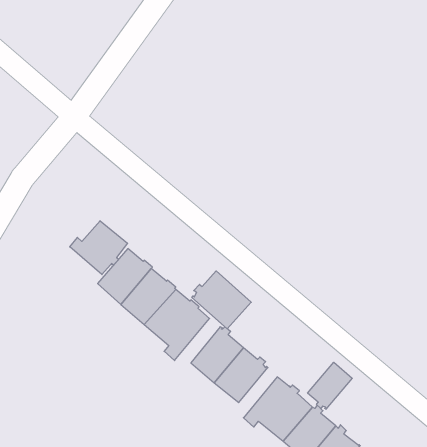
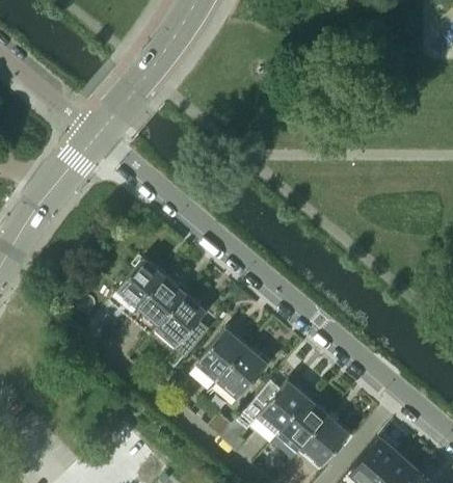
building: [70,221,128,275] -> none
building: [192,271,251,329] -> none
building: [308,362,352,409] -> none

